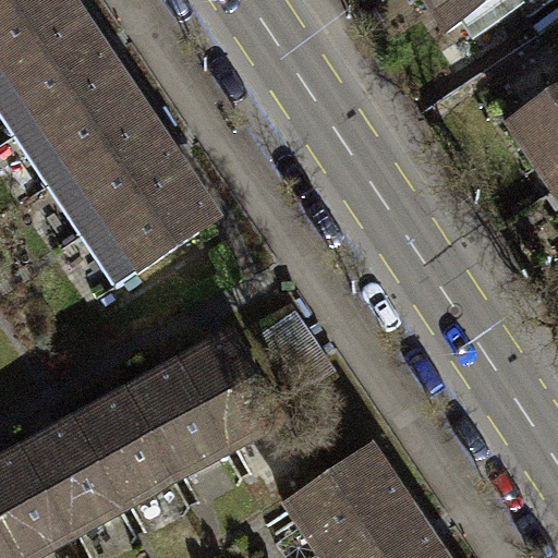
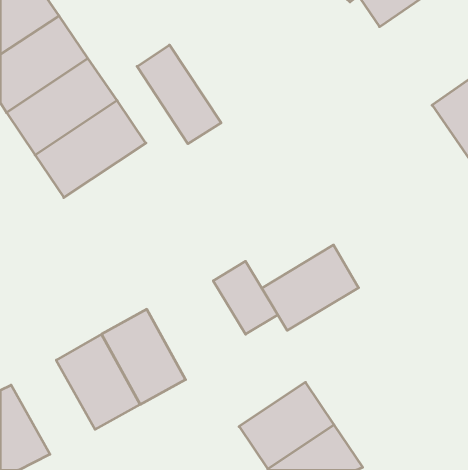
building: none -> [137,45,221,144]
building: [80,169,210,283] -> none
building: none -> [262,245,359,330]
building: [178,336,277,448] -> none
building: [17,425,117,536] -> none

